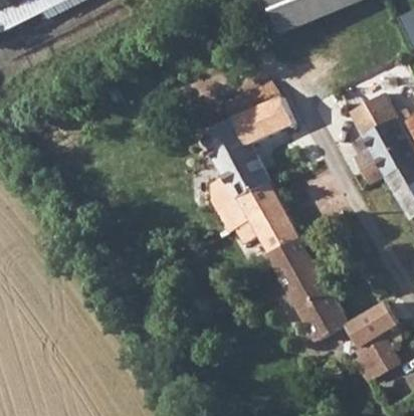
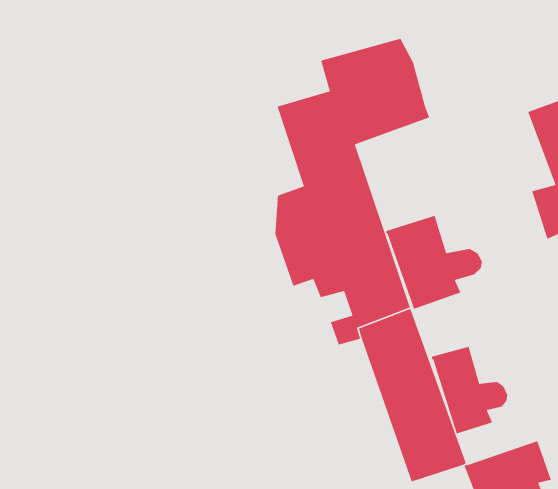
building: none -> [385,215,483,310]
building: none -> [431,346,508,434]

